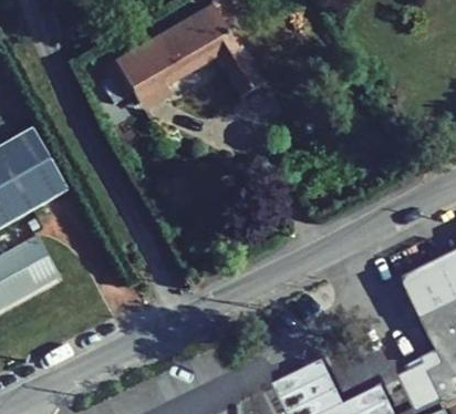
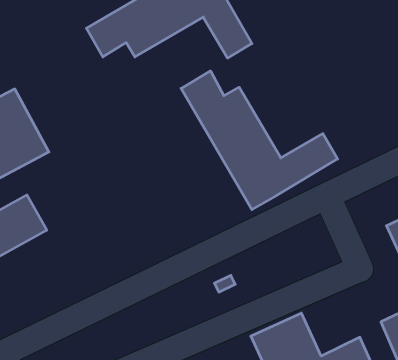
building: none -> [181,71,338,210]

